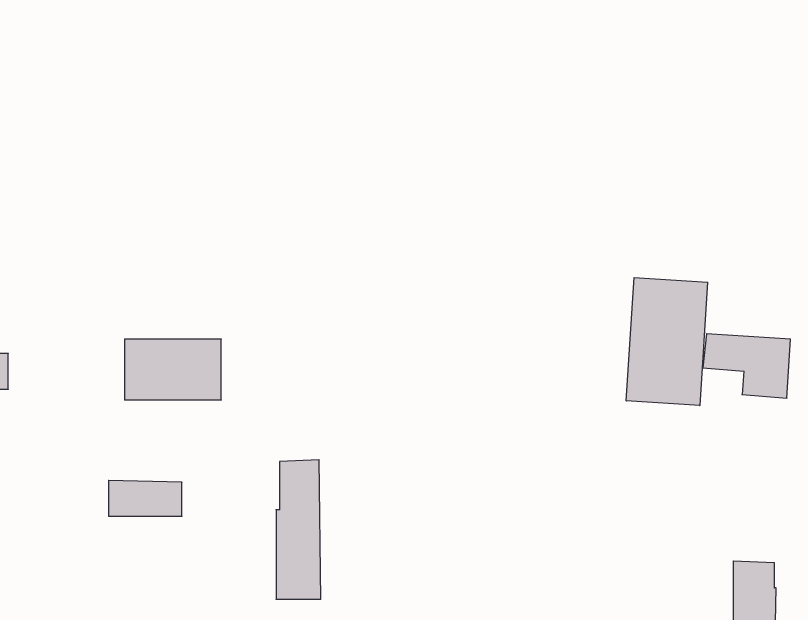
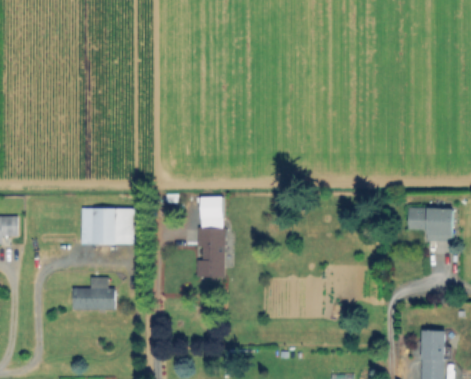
building: [626,278,708,406] -> none
building: [276,460,321,599] -> [199,198,224,276]

